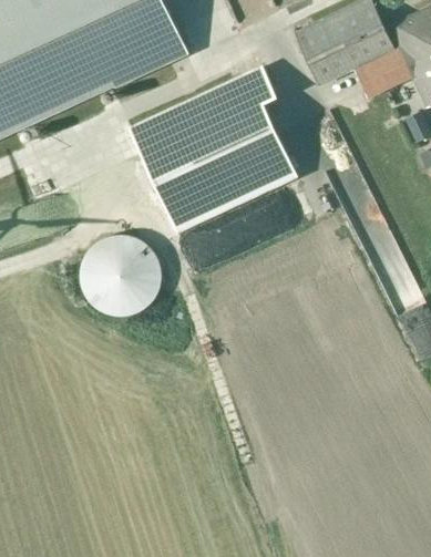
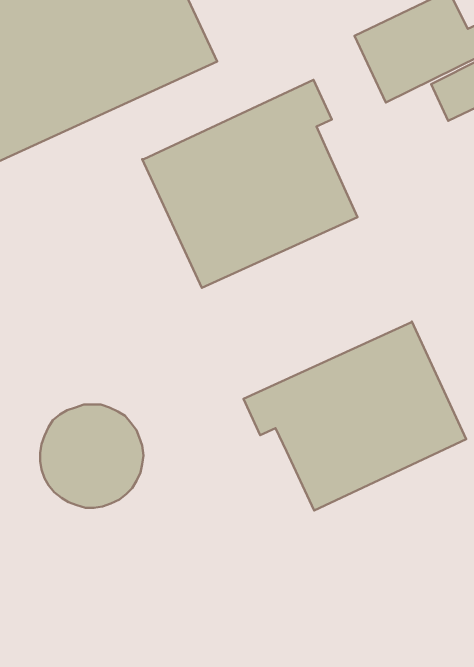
building: [81,235,162,316] -> [40,405,143,508]
building: none -> [243,321,466,510]

